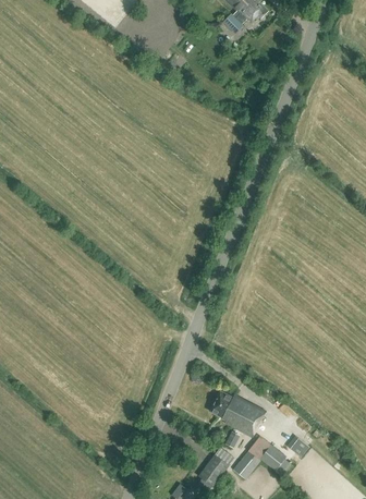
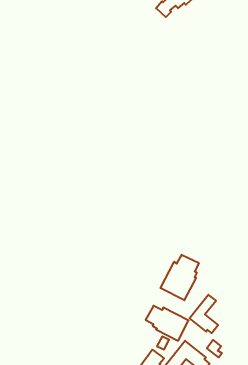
building: none -> [160,255,199,300]
building: none -> [190,295,218,333]

